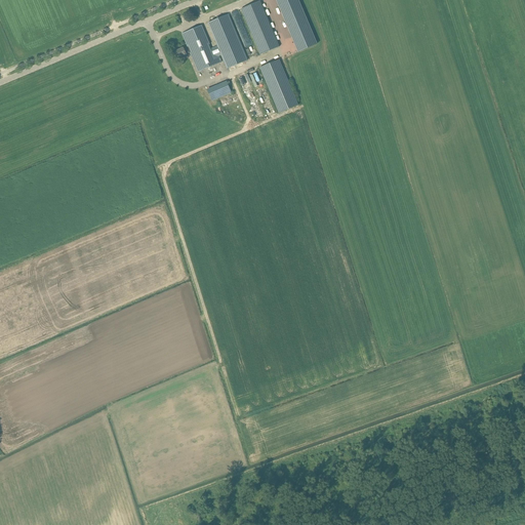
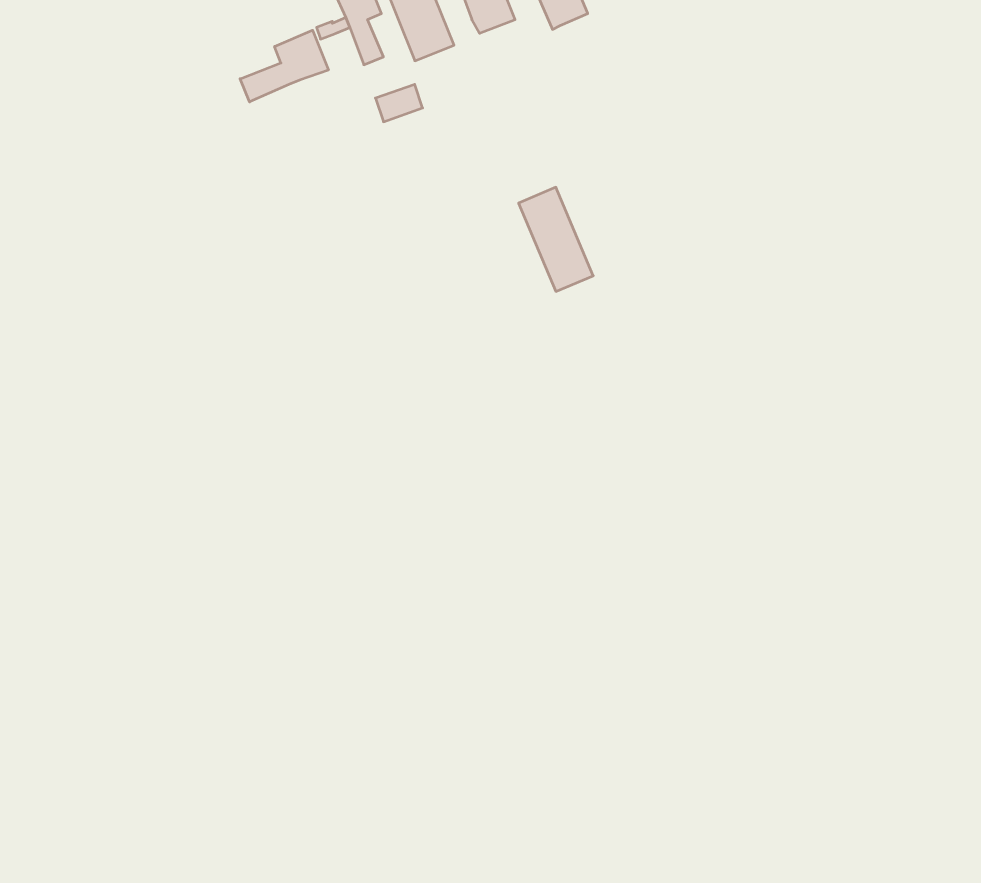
building: none -> [240,30,328,102]
building: [258,58,297,113] -> [519,187,593,291]

